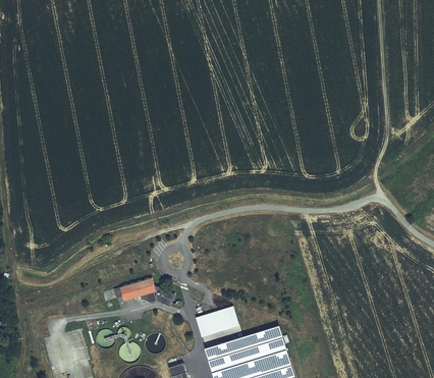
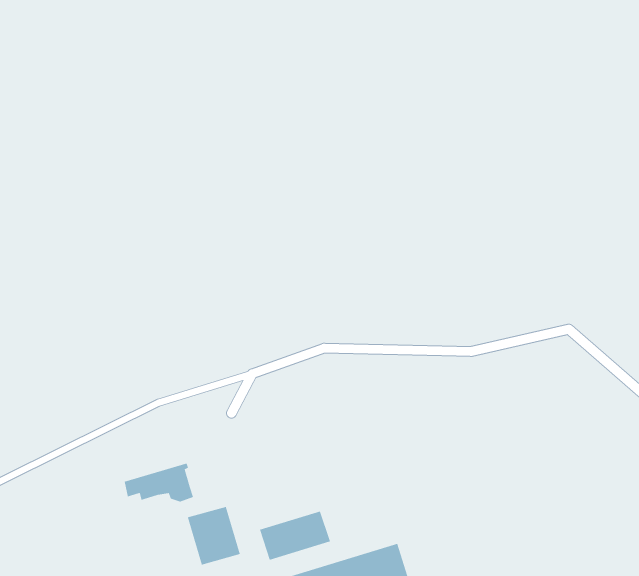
building: none -> [187,506,241,566]

